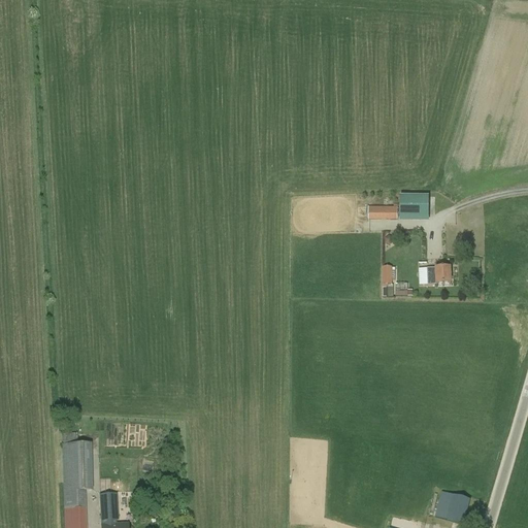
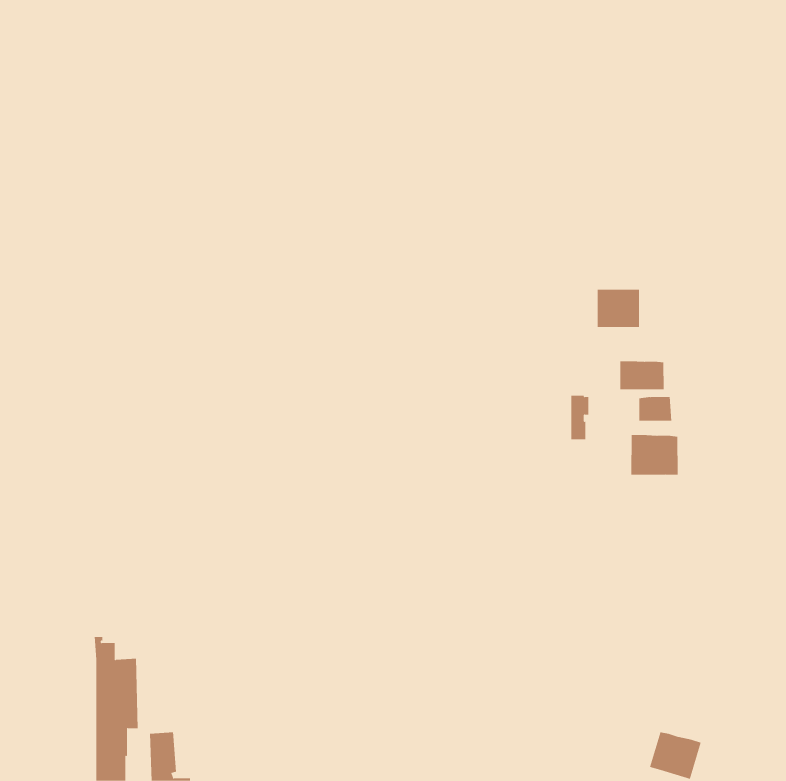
building: [368,202,398,219] -> none
building: none -> [620,360,664,390]
building: none -> [631,434,678,475]

